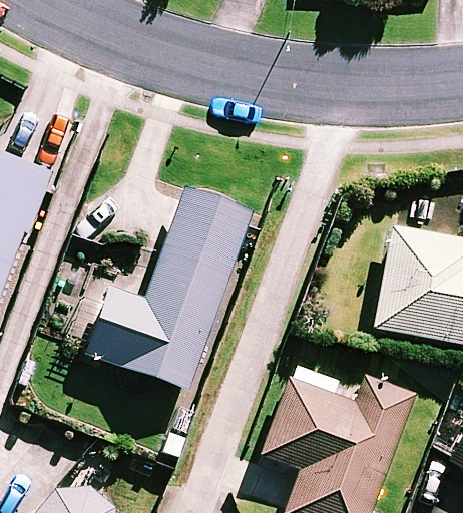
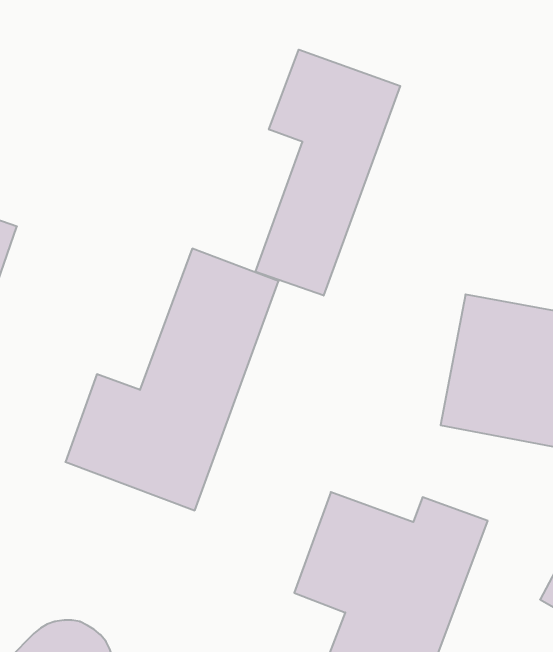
building: none -> [256,50,400,296]

